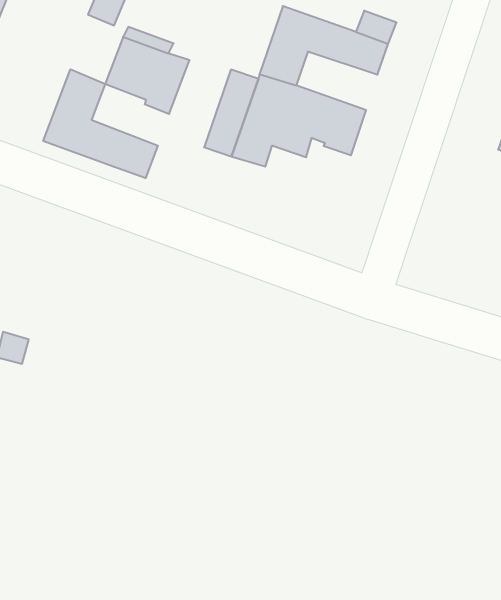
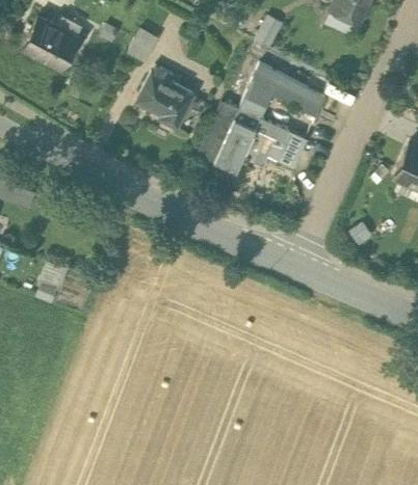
building: [43,69,158,178] -> none

